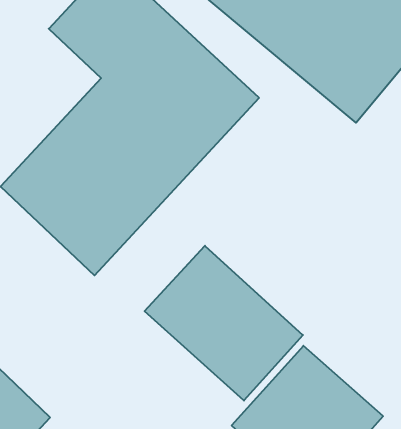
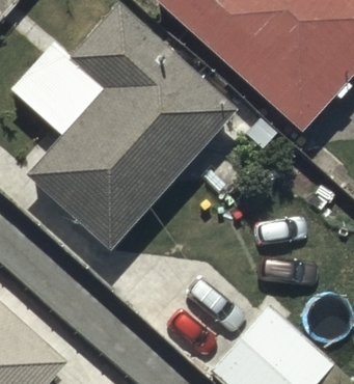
building: [145,246,303,401] -> none

